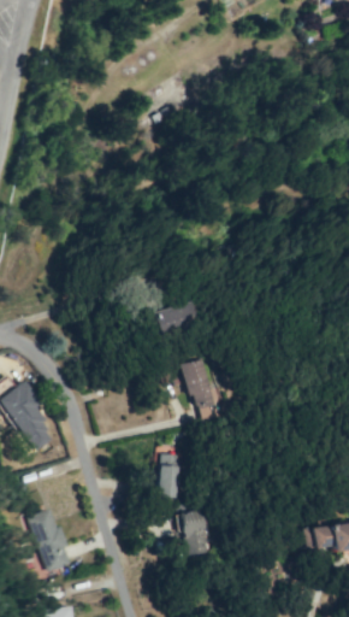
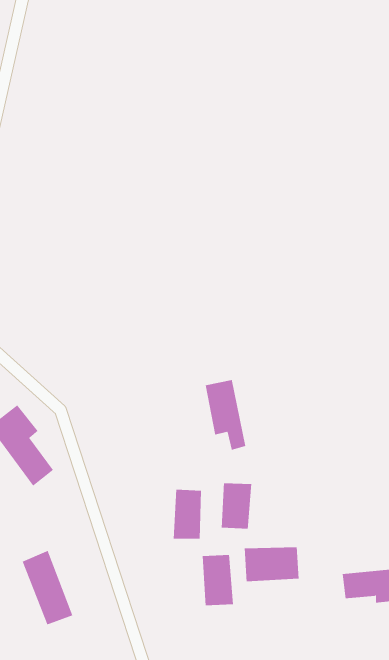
building: [159,304,203,335] -> none
building: none -> [221,482,252,529]
building: none -> [244,546,299,582]

